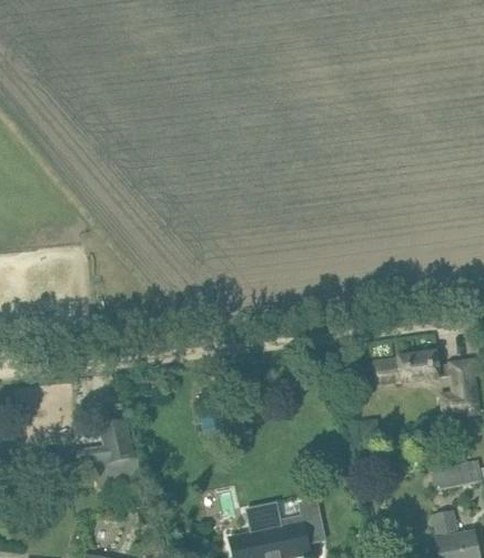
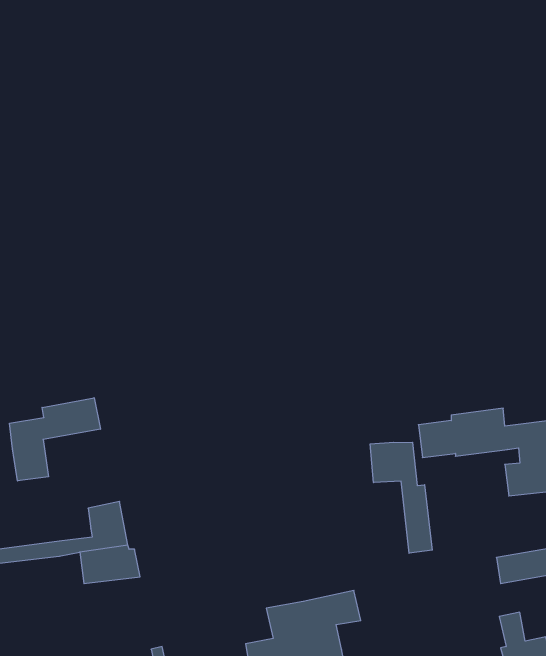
building: none -> [10,398,100,481]
building: none -> [370,442,432,553]

